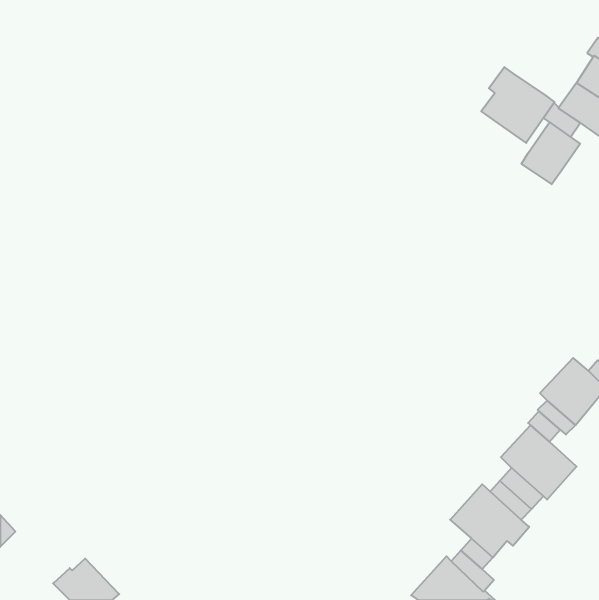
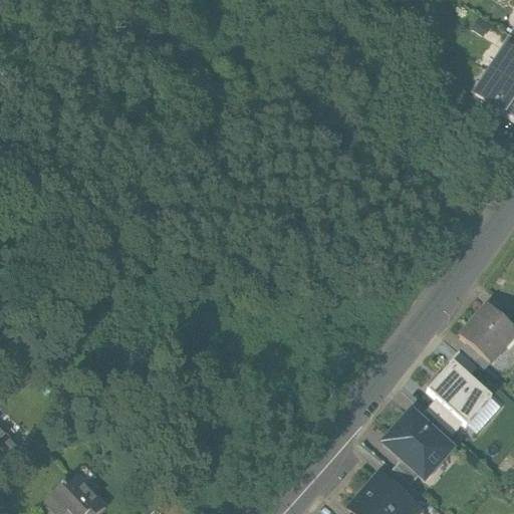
building: [481,67,555,143] -> none
building: [521,122,580,184] -> none

